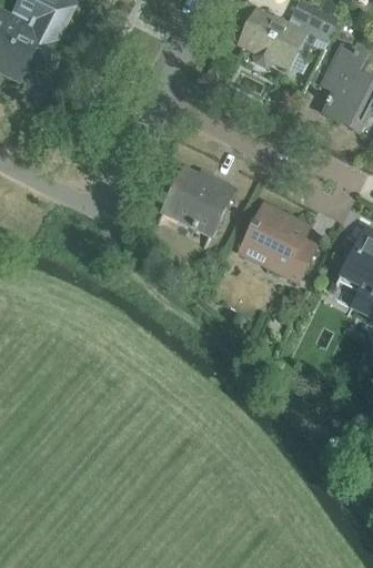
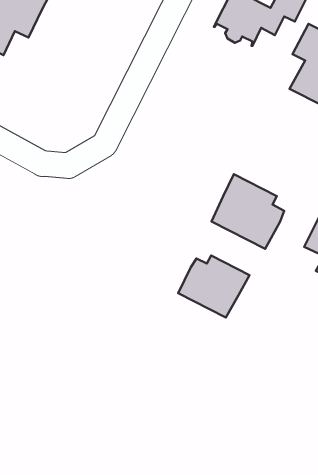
building: [161,168,232,235] -> none
building: none -> [178,256,249,318]

